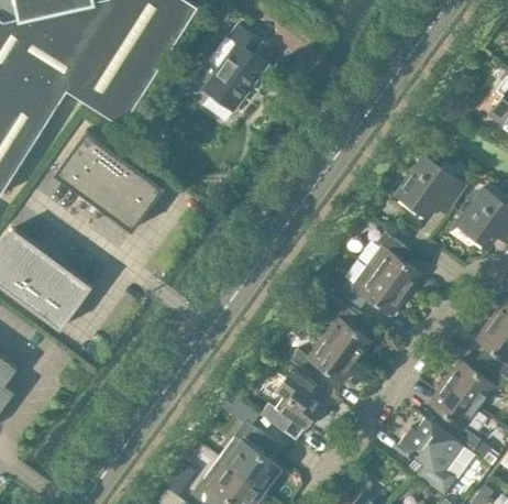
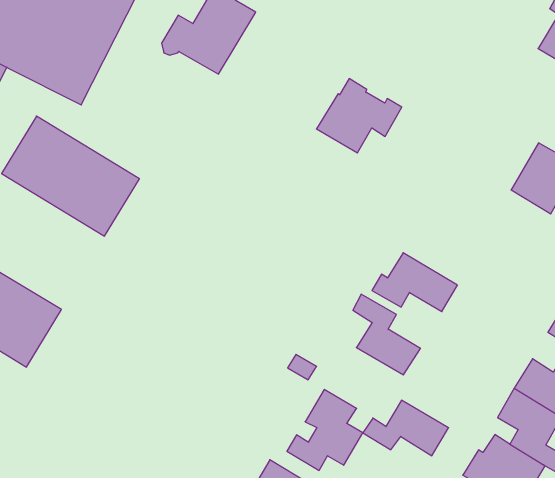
building: [396,158,465,218] -> [316,79,402,153]
building: [366,232,422,296] -> none
building: [289,338,357,384] -> [363,400,449,456]

